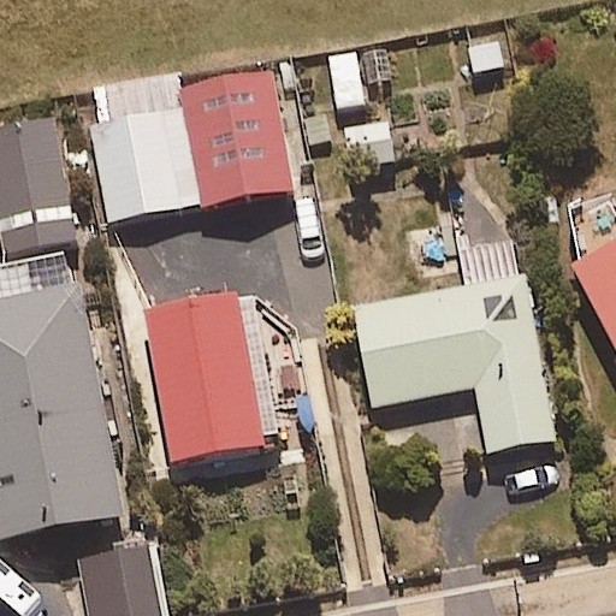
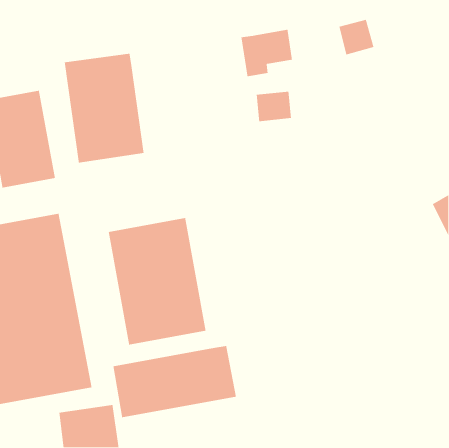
building: [177,75,291,206] -> none
building: [354,237,553,452] -> none
building: none -> [112,345,237,418]

